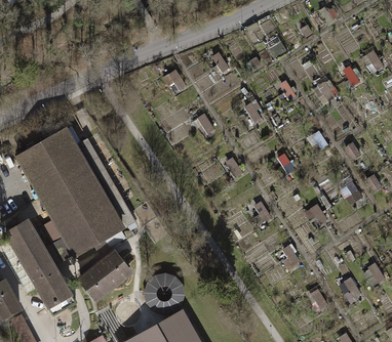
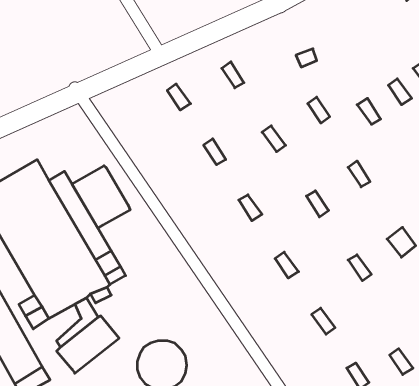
building: none -> [72,166,130,228]

